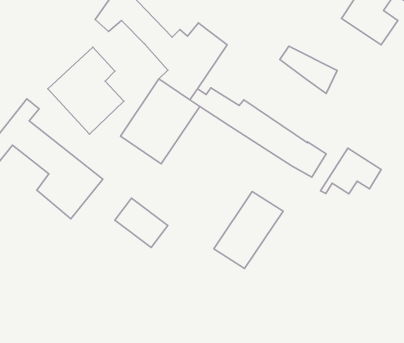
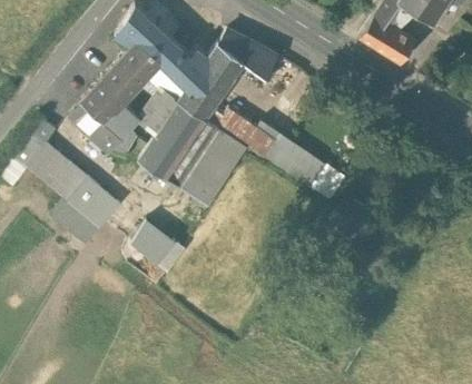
building: none -> [110,41,163,92]
building: [280,46,337,94] -> [219,32,277,80]
building: [320,148,381,194] -> none
building: [214,191,283,269] -> [179,128,249,206]

